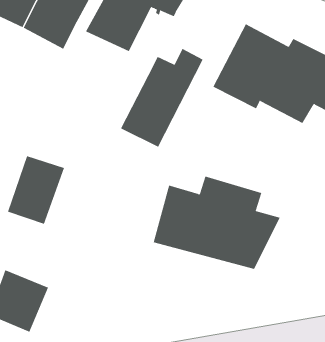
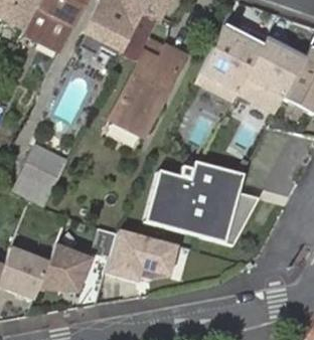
building: none -> [123,29,168,61]
building: none -> [107,227,178,280]
building: none -> [37,241,93,293]

